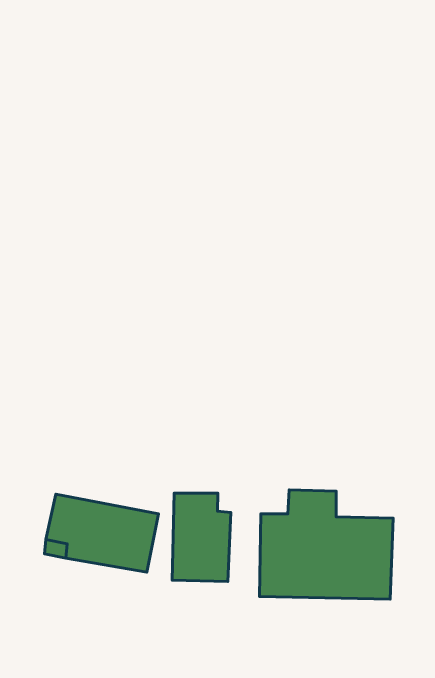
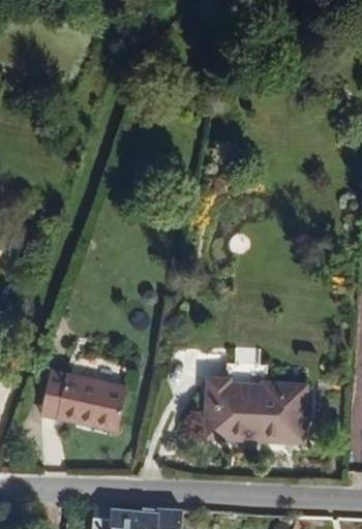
building: [172,493,231,581] -> none

